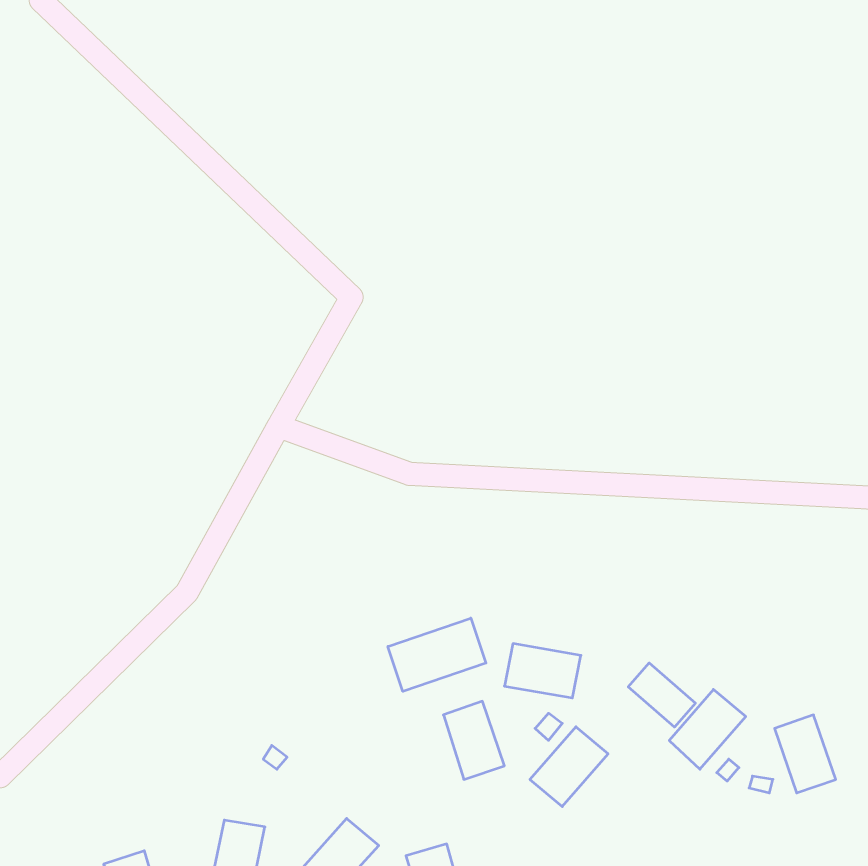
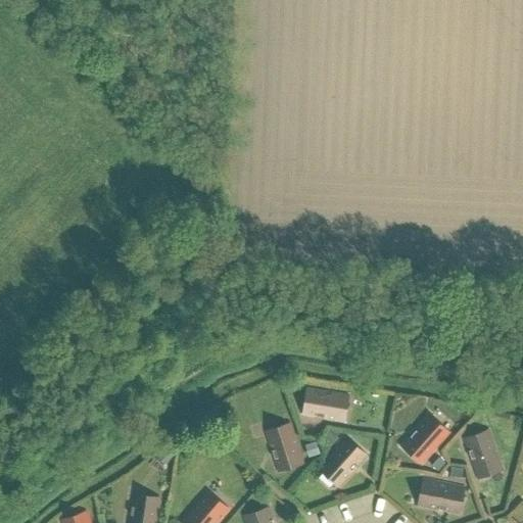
building: [388,618,486,691] -> none
building: [628,663,695,727] -> none
building: none -> [419,480,465,513]

